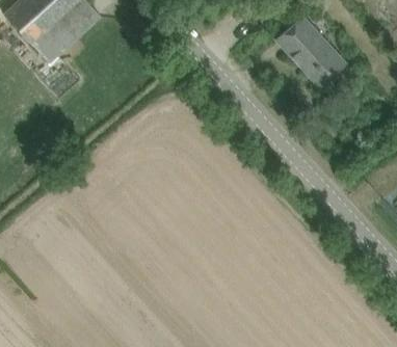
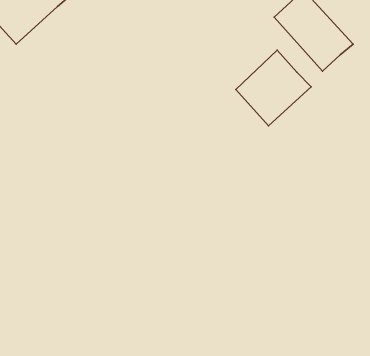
building: none -> [236,50,311,126]

